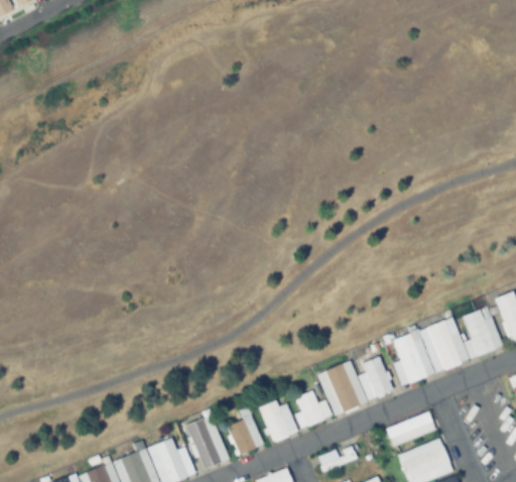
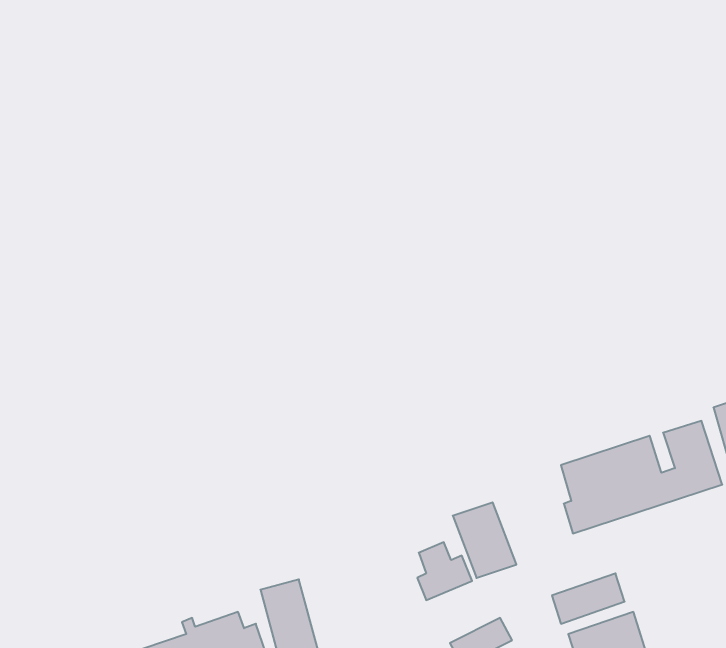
building: [358,355,393,400] -> none
building: [258,400,298,443] -> none
building: [226,407,263,456] -> none

